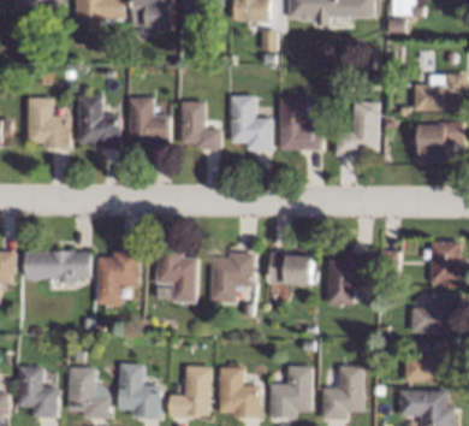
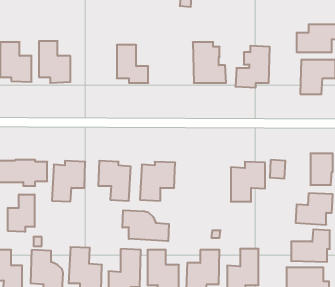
building: [230,95,272,150] -> none
building: [129,97,168,150] -> none
building: [268,252,313,286] -> none
building: none -> [8,194,35,232]
building: none -> [122,210,169,241]

